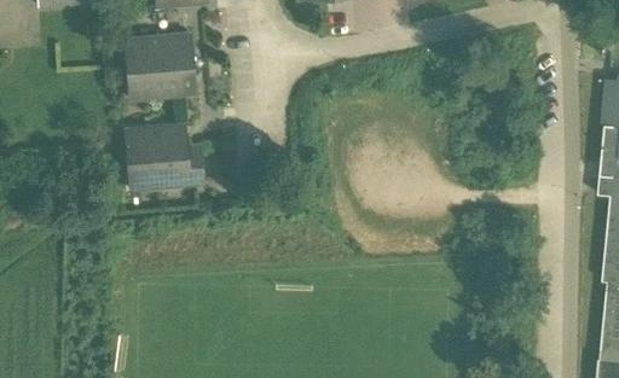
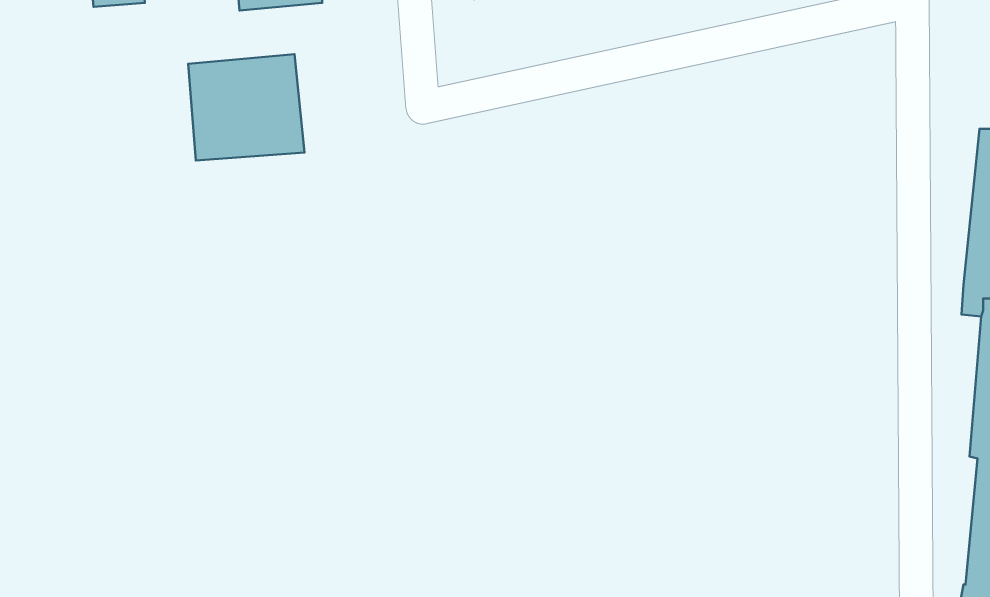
building: [125,126,203,191] -> none

